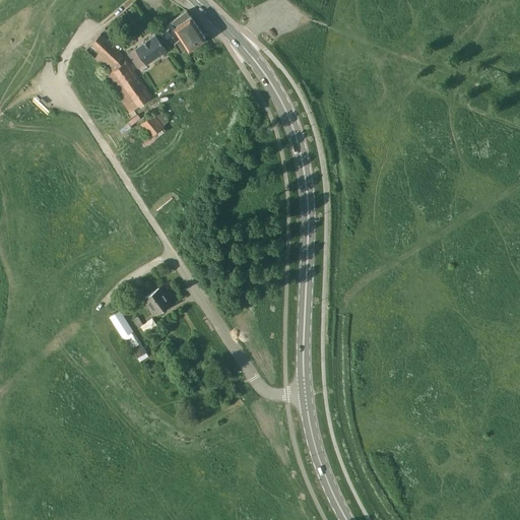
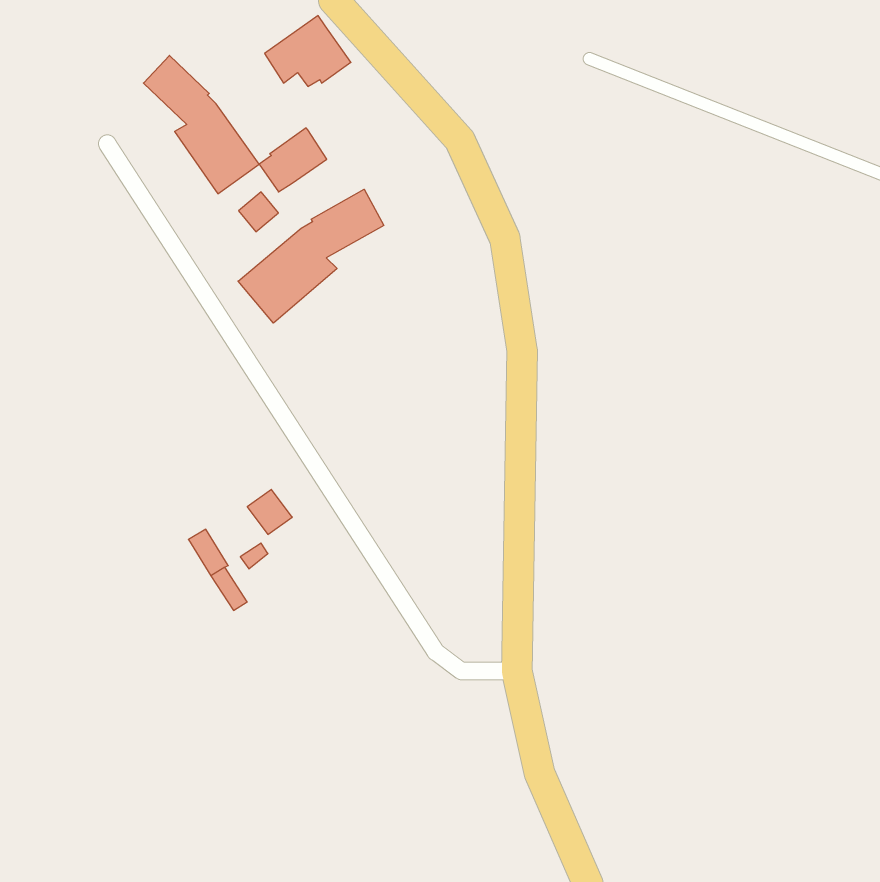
building: [129,31,169,69] -> [259,128,327,192]
building: none -> [238,189,384,323]

